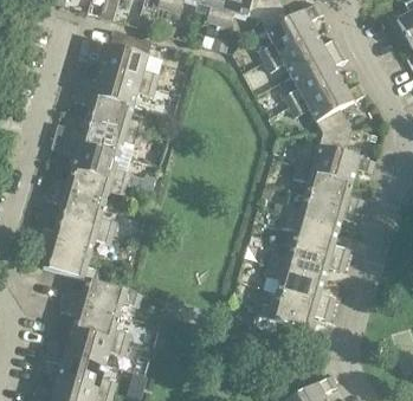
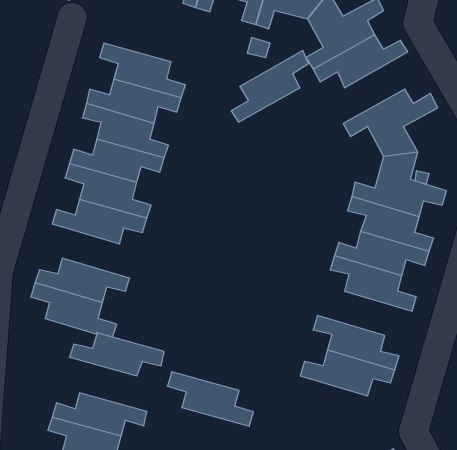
building: [283,46,347,105] -> [231,51,309,122]
building: [45,188,116,233] -> none
building: [267,244,346,280] -> none
building: [59,298,130,343] -> [167,372,253,426]

